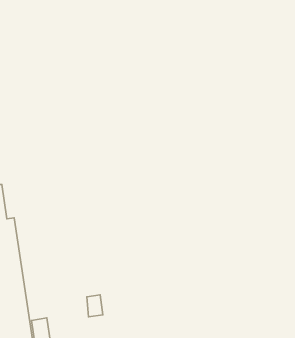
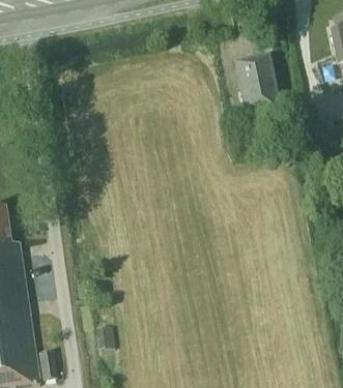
building: none -> [234,53,281,117]

